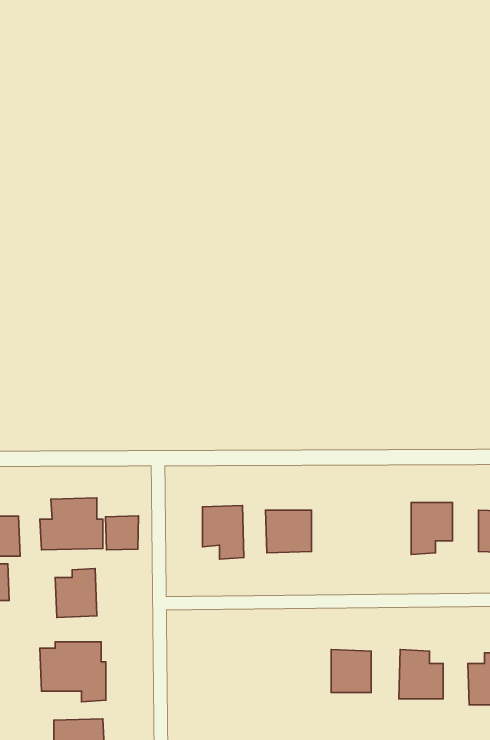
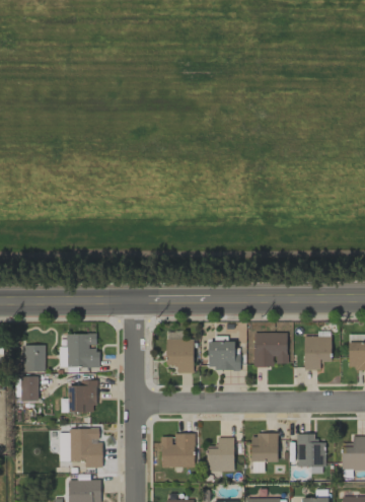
building: none -> [254,332,287,366]
building: [106,516,138,550] -> none
building: none -> [161,433,195,467]
building: none -> [207,437,234,472]

